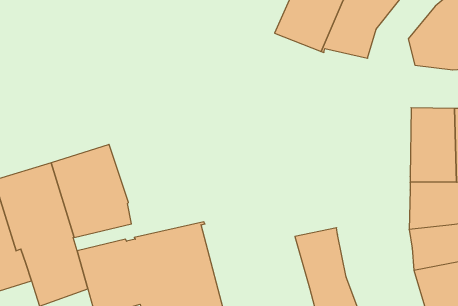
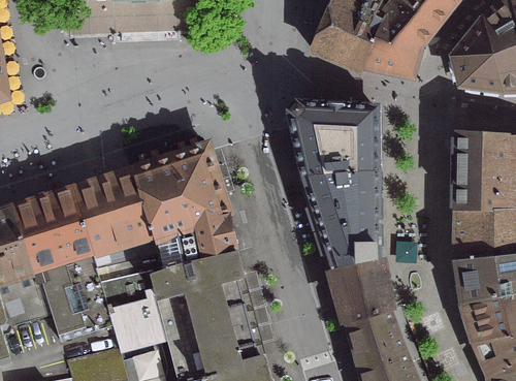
building: none -> [288,103,377,267]
building: none -> [134,147,235,268]

